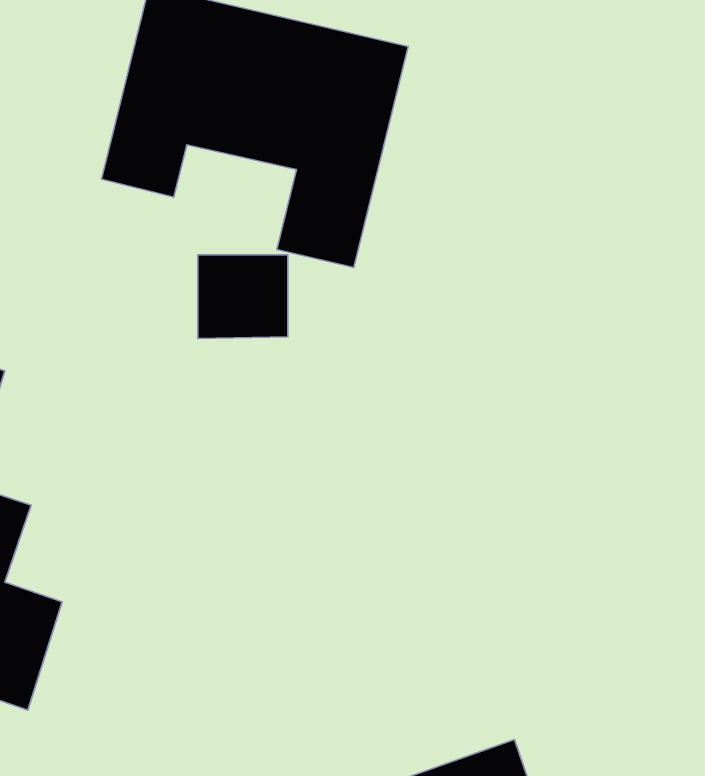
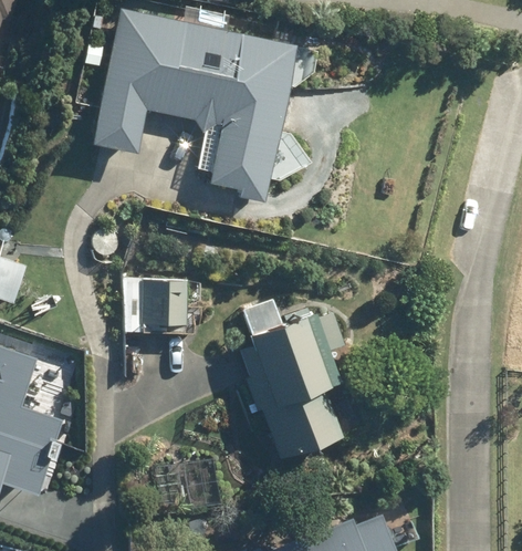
building: [198,255,288,339] -> [125,276,186,332]
building: none -> [241,295,345,459]

